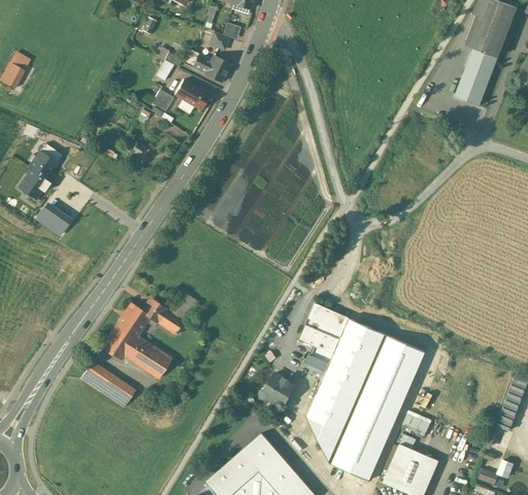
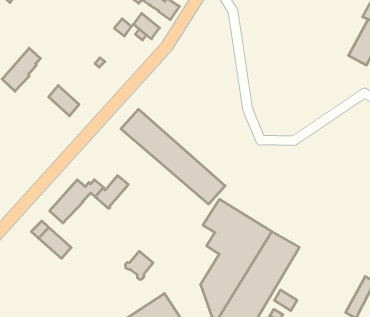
building: [32,202,72,239] -> [49,85,79,116]
building: none -> [121,109,225,204]
building: [123,336,171,378] -> none
building: [259,373,294,409] -> [125,251,153,279]

